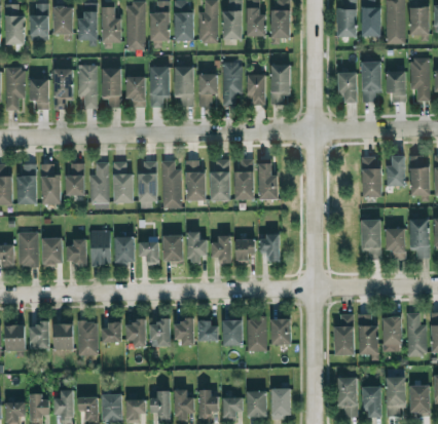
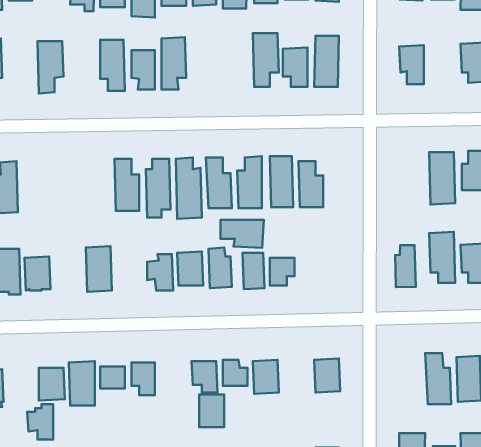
building: [361,62,381,103] -> none
building: [77,65,97,109] -> none
building: [175,67,193,106] -> none
building: [198,73,218,106] -> none
building: [29,78,49,109] -> none
building: [89,162,109,203] -> none
building: [41,163,61,204] -> none
building: [66,163,84,195] -> none
building: none -> [220,220,264,248]
building: none -> [395,245,416,287]
building: [260,235,280,261] -> none
building: [114,236,135,263] -> none
building: [69,238,86,267] -> none
building: [334,314,354,355] -> none
building: [246,317,266,351] -> none
building: [150,320,170,346] -> [199,395,224,427]
building: [29,322,49,350] -> [27,404,53,439]

